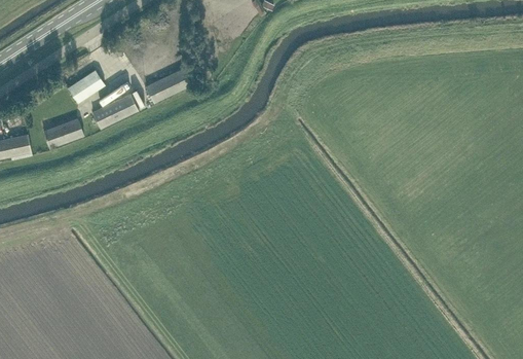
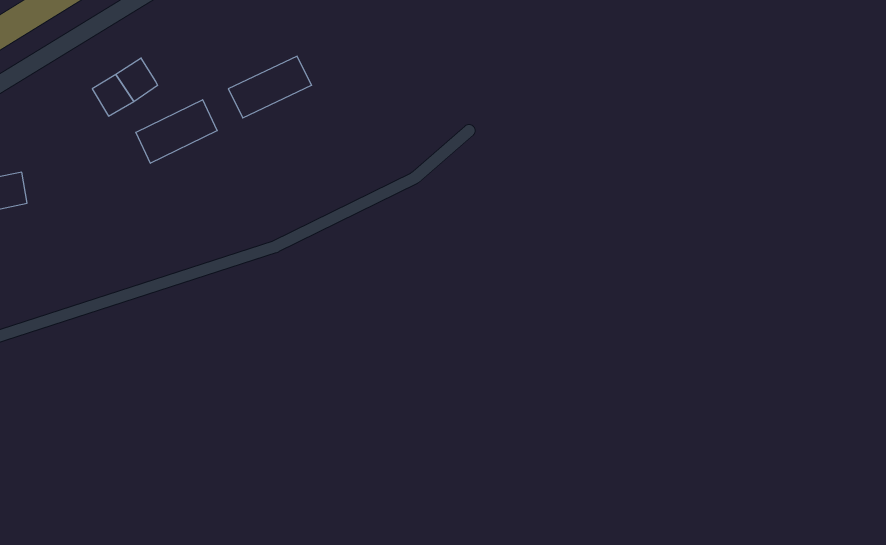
building: [43,118,83,148] -> none

